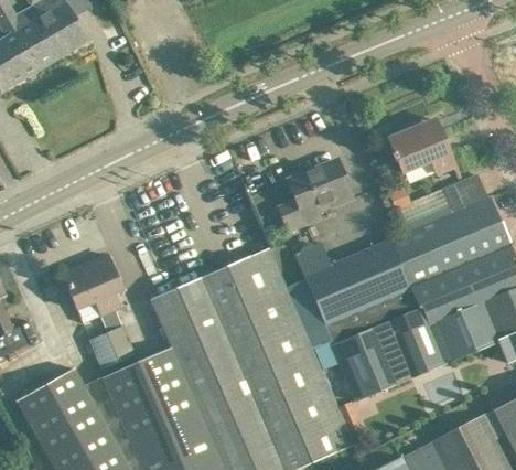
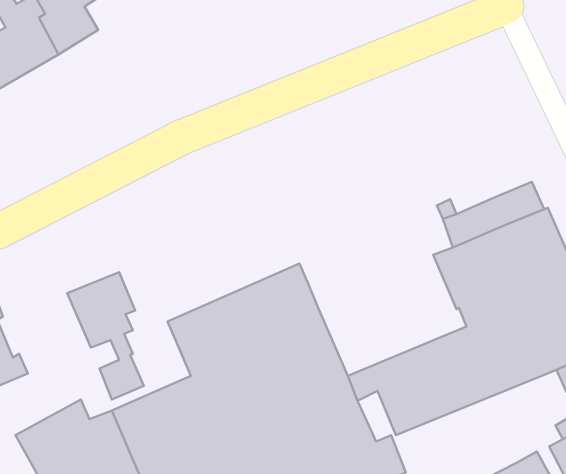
building: [389,119,455,173] -> none
building: [279,160,354,231] -> none
building: [287,239,419,348] -> none

